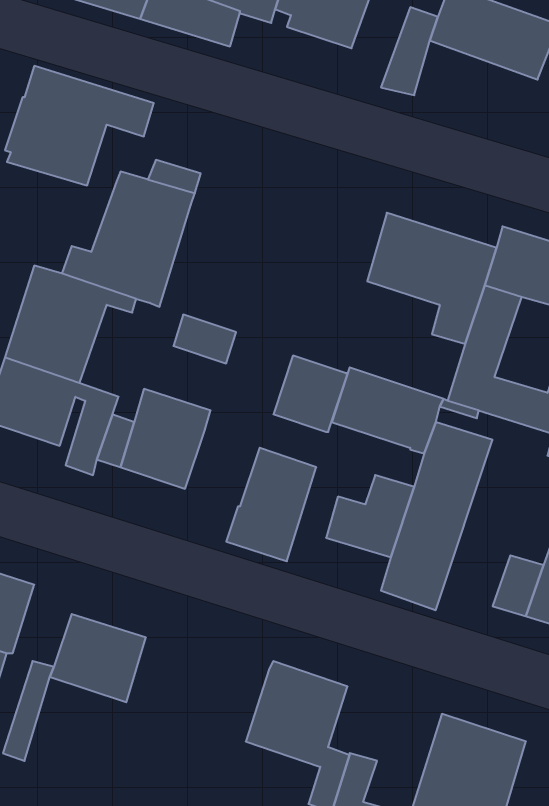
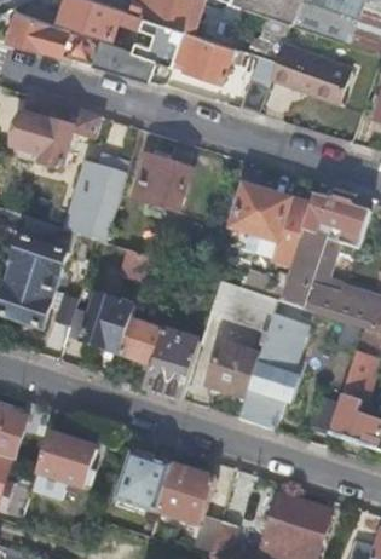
building: none -> [133,156,190,209]
building: [273,356,348,432] -> [119,318,164,365]
building: none -> [116,453,171,511]

